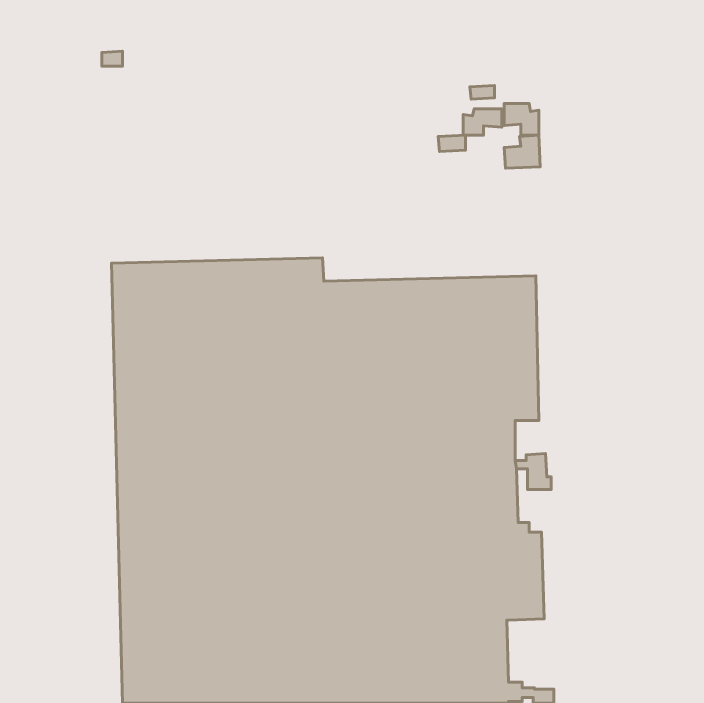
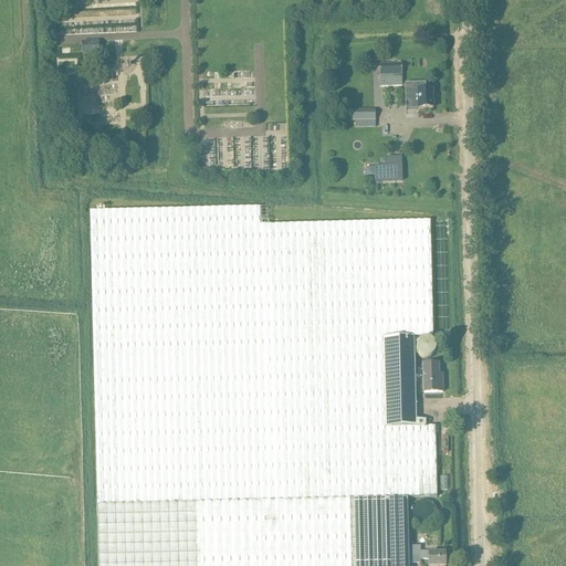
building: [463,109,502,135] -> none
building: [504,135,540,168] -> [374,156,402,182]

